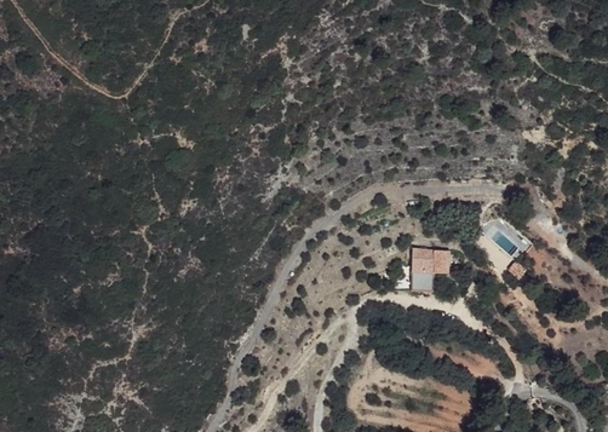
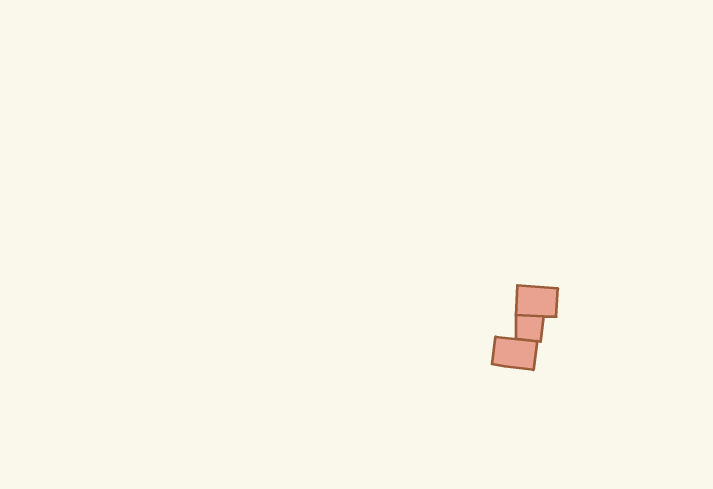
building: none -> [492,337,537,370]

